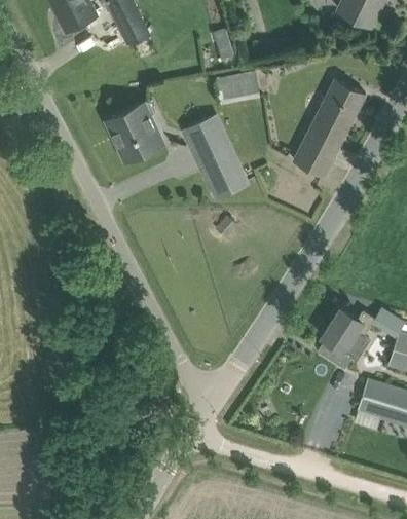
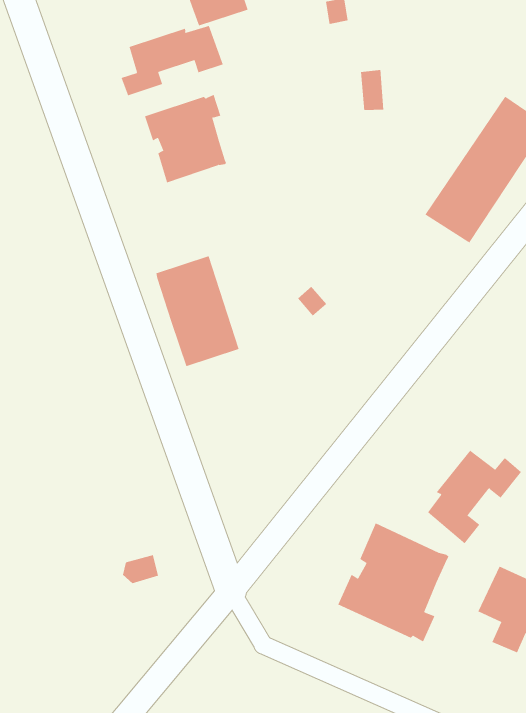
building: none -> [121,25,224,96]
building: [190,126,250,199] -> [155,256,239,367]
building: none -> [338,522,449,642]

